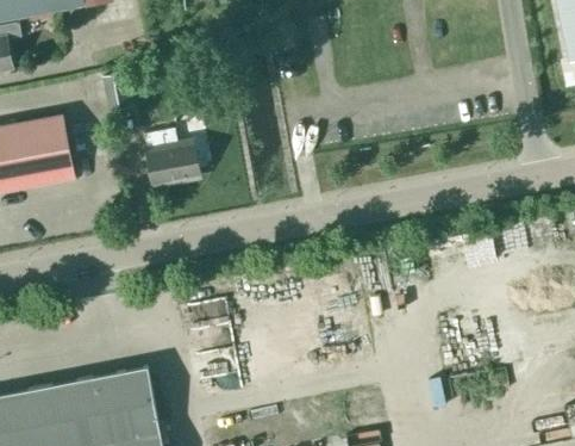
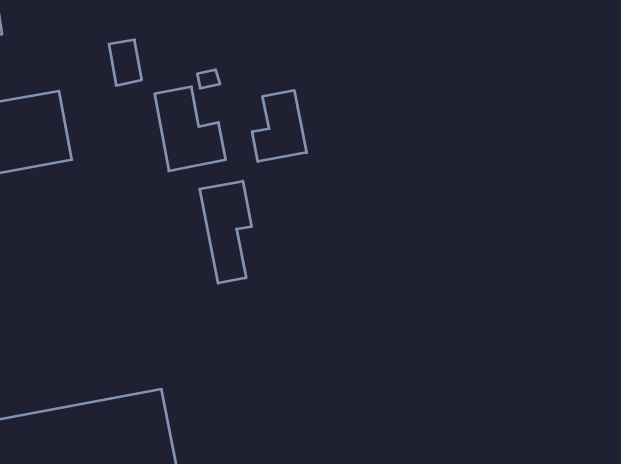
building: none -> [252,90,307,162]
building: none -> [200,181,252,283]

